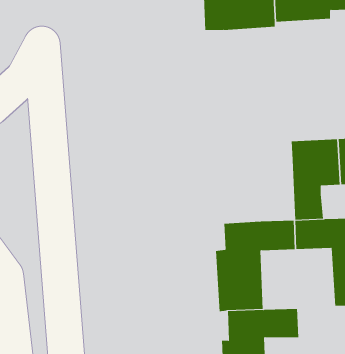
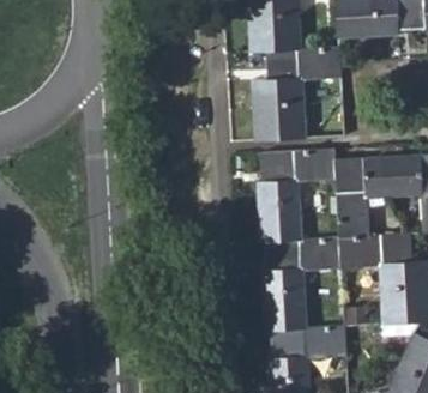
building: none -> [253,44,345,140]
building: none -> [255,151,338,244]

